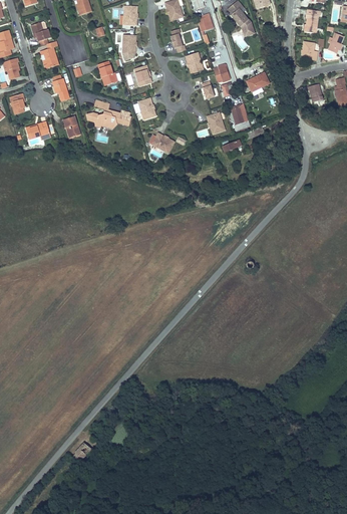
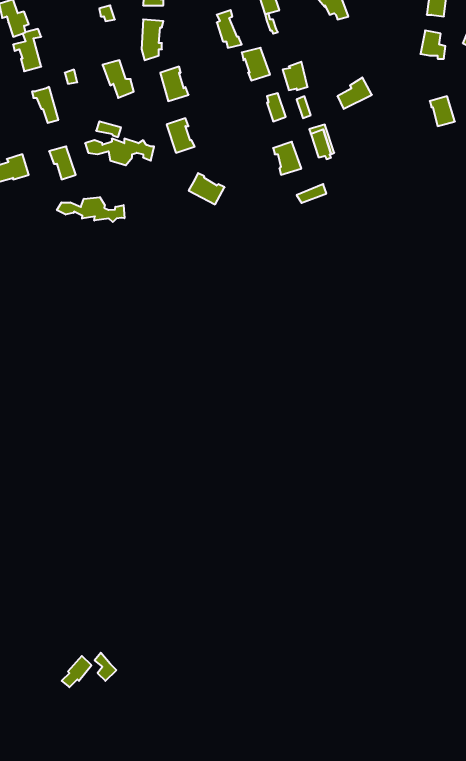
building: none -> [57,197,124,222]

